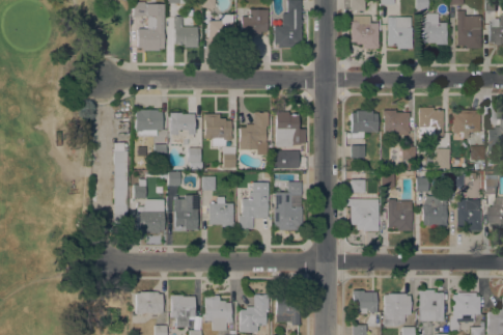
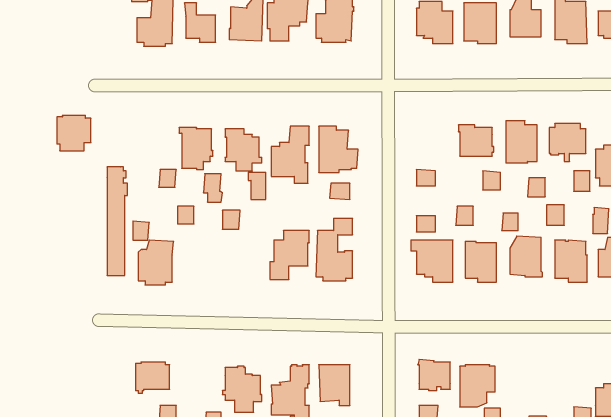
building: [136,110,162,137] -> [57,115,91,151]
building: [352,111,378,138] -> none
building: [174,196,201,230] -> none
building: [208,197,233,227] -> none
building: [419,290,444,322] -> none
building: [450,292,480,327] -> none
building: [170,296,195,328] -> none

